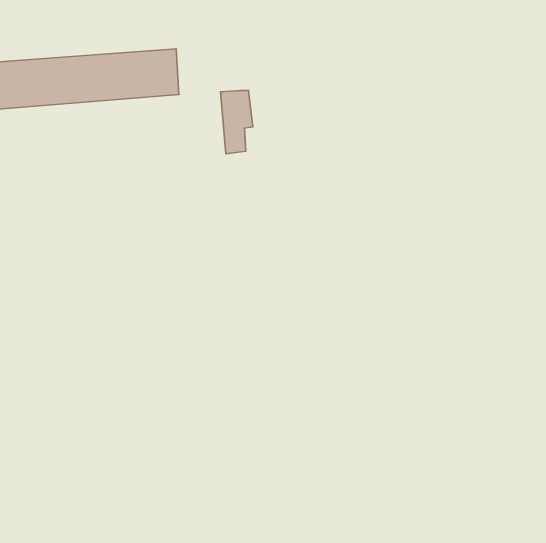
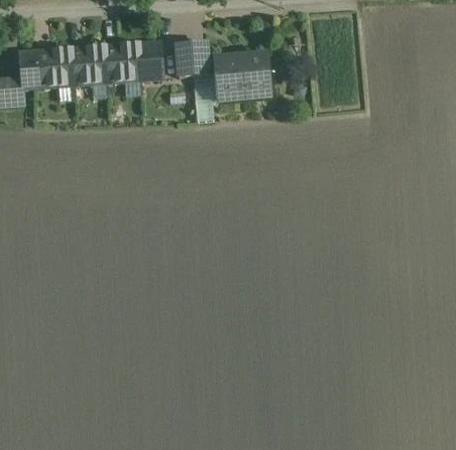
building: none -> [177,41,209,76]
building: none -> [214,53,271,100]

